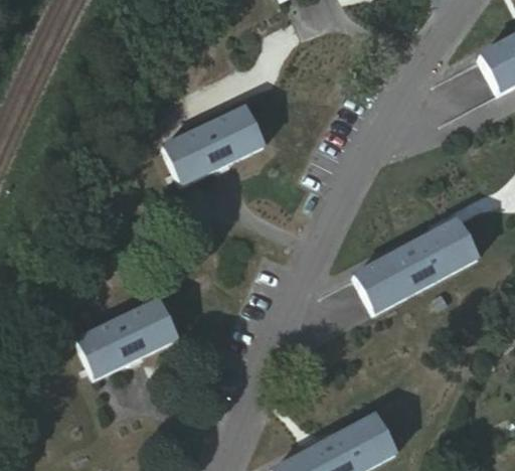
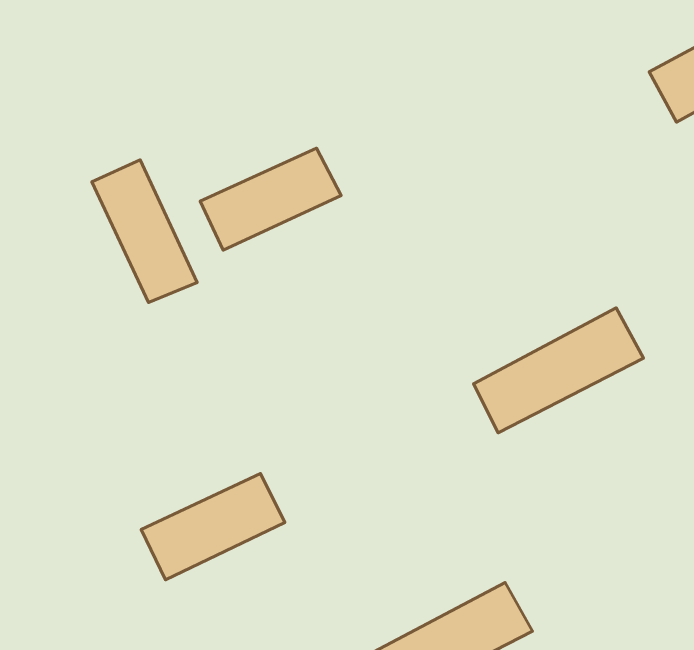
building: none -> [92,160,197,302]
building: [78,301,179,375] -> [141,474,285,580]

